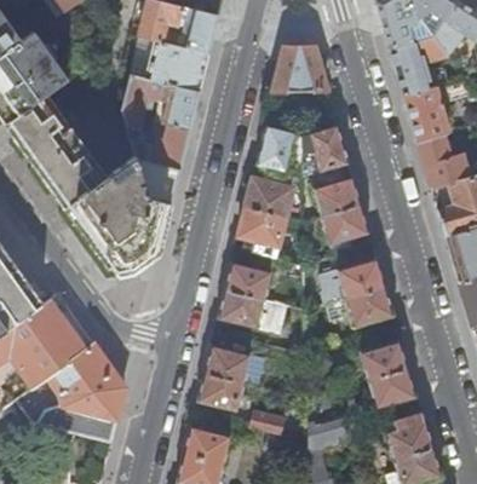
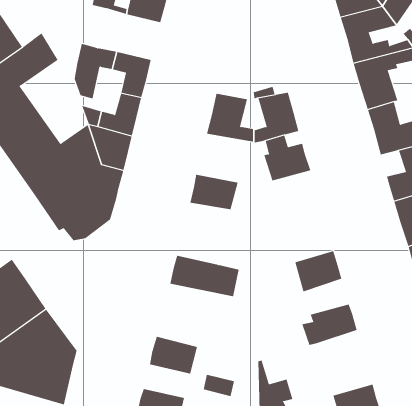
building: [144,40,208,92] -> none
building: [274,46,327,91] -> none
building: [243,179,294,217] -> none
building: [321,204,369,246] -> none
building: [320,259,384,304] -> none
building: [224,261,274,300] -> none
building: [203,344,262,386] -> none
building: [368,367,416,409] -> none

